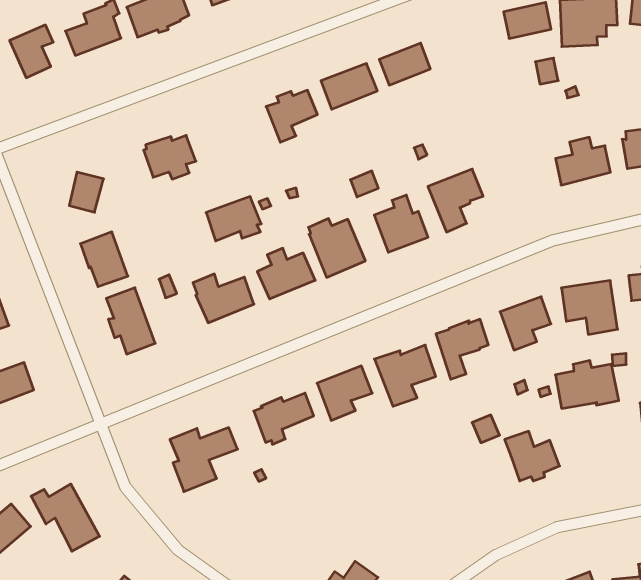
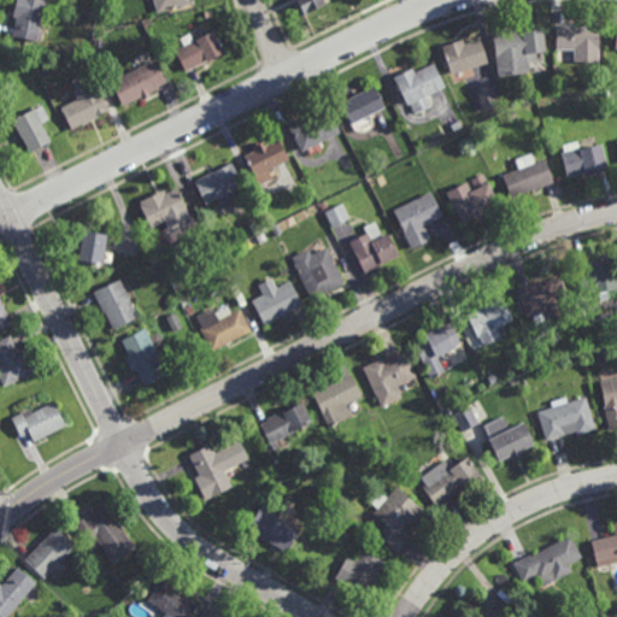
building: none -> [393,63,445,114]
building: none -> [446,174,499,223]
building: [206,197,261,241] -> [194,163,243,205]
building: [555,361,619,408] -> [537,396,595,441]
building: none -> [421,458,481,506]
building: none -> [369,488,424,553]
building: none -> [247,509,301,554]

